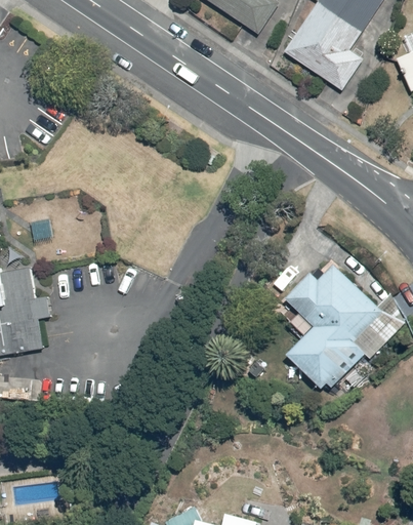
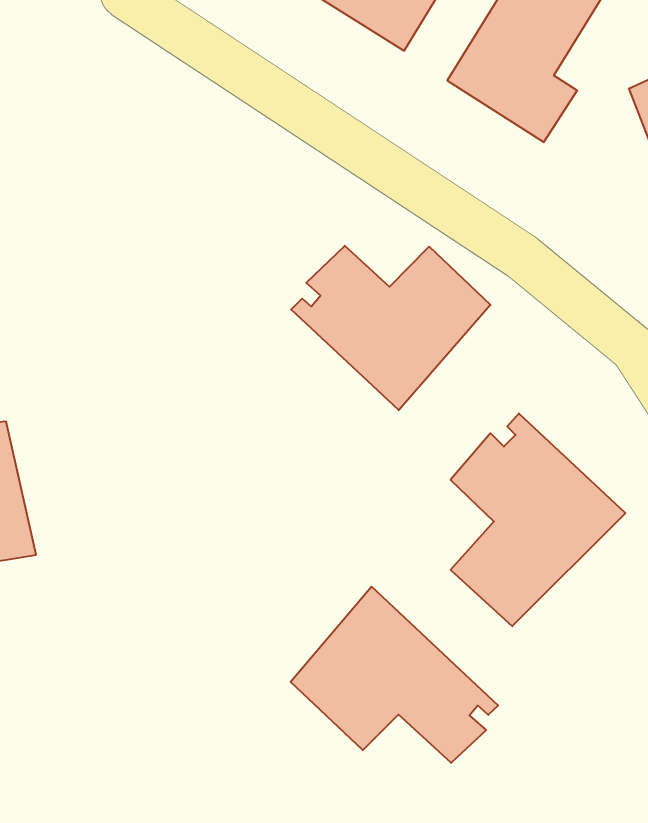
building: none -> [291,246,491,410]
building: none -> [291,587,498,763]

